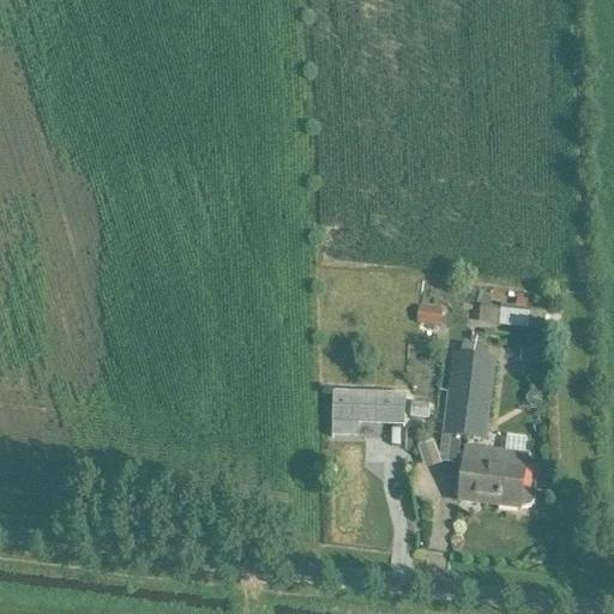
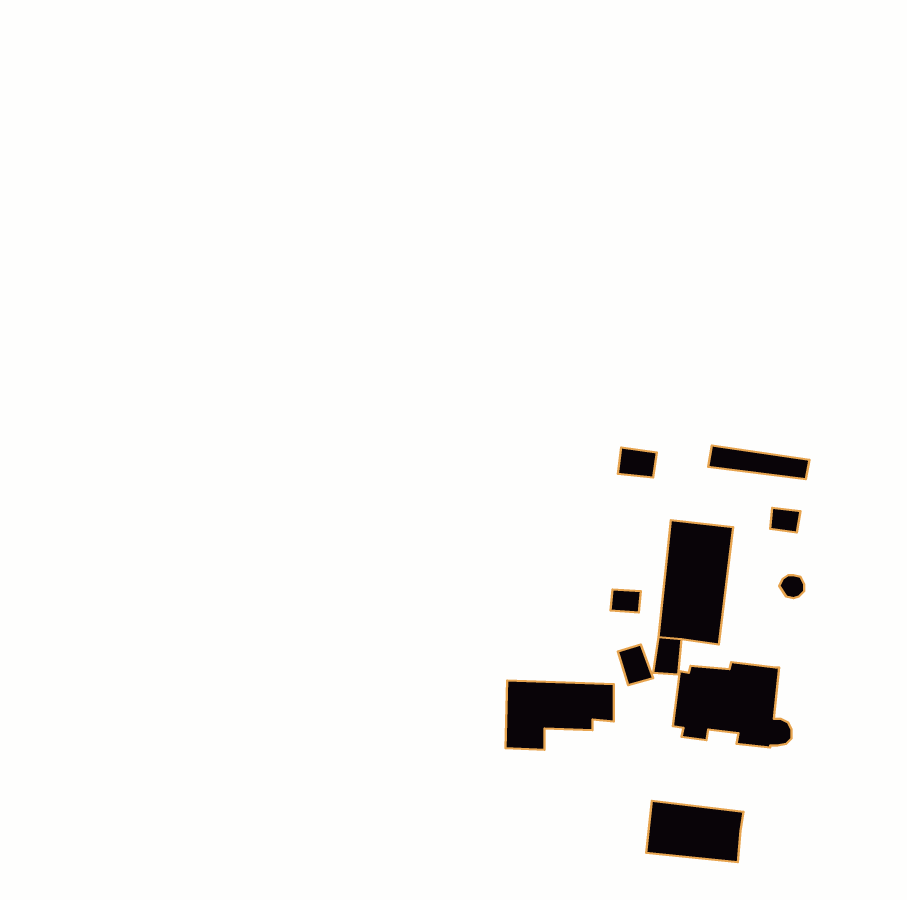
building: [332,389,405,435] -> [505,681,614,750]
building: none -> [646,801,743,862]

